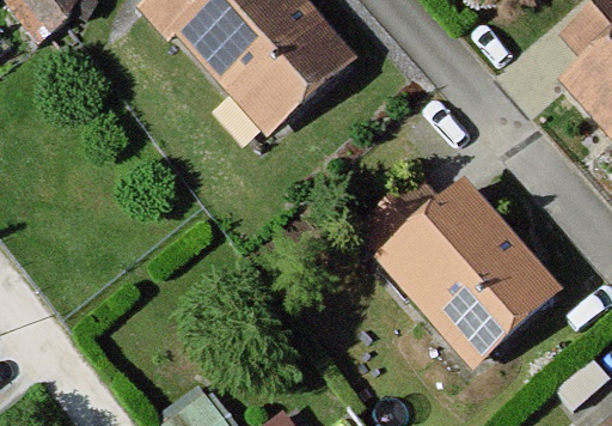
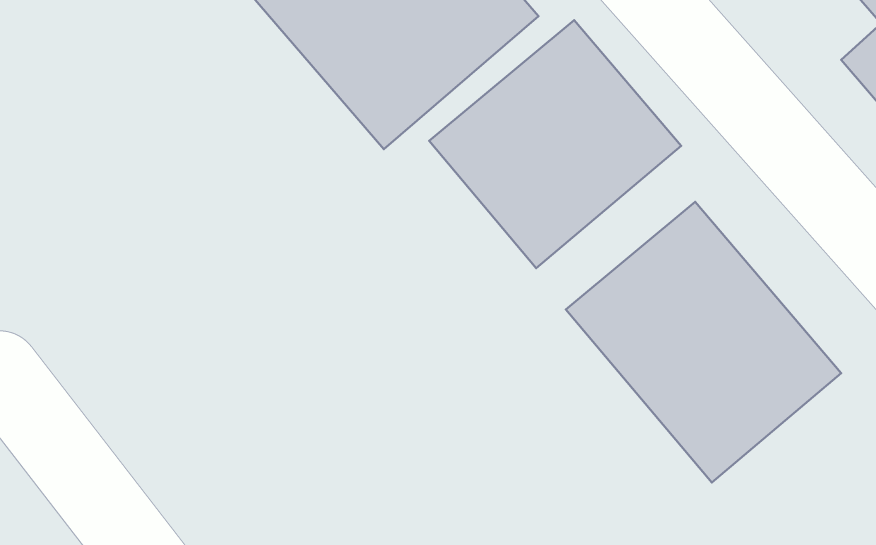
building: none -> [429,20,681,268]

